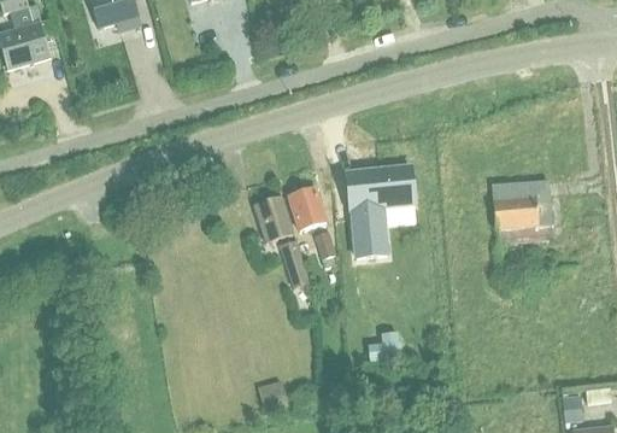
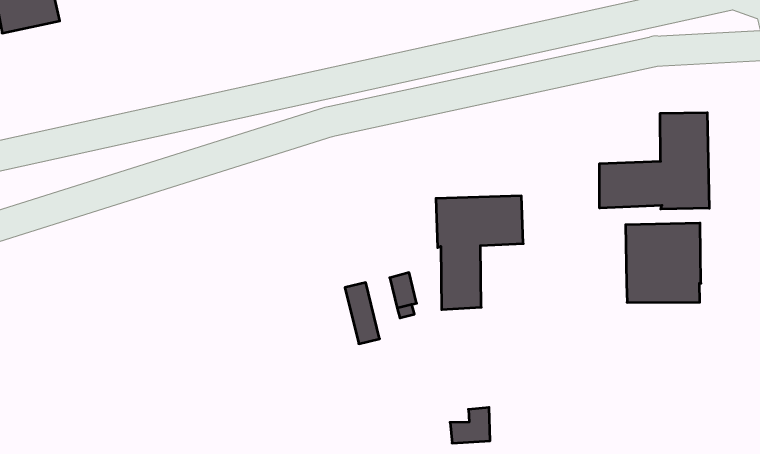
building: none -> [600,113,709,209]
building: [287,187,324,230] -> none
building: [253,197,293,242] -> none

